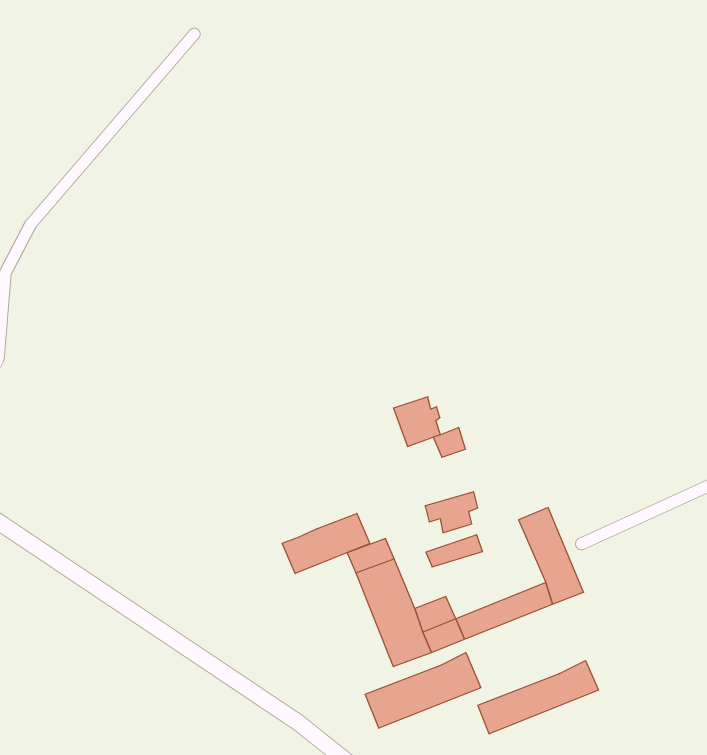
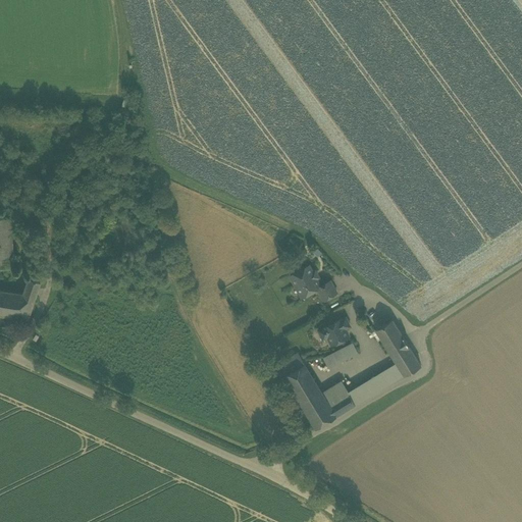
building: [282,513,370,574] -> none
building: [365,653,481,728] -> none
building: [478,661,599,734] -> none

